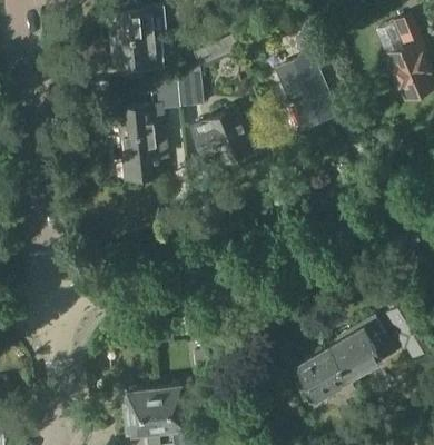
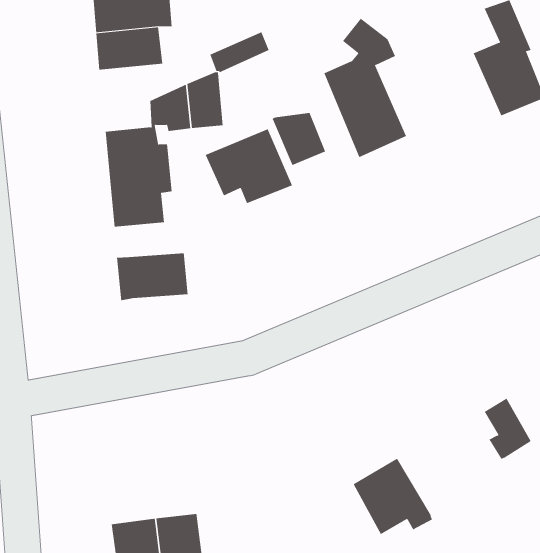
building: none -> [272,112,326,166]
building: none -> [116,252,188,301]
building: [328,322,395,380] -> none

